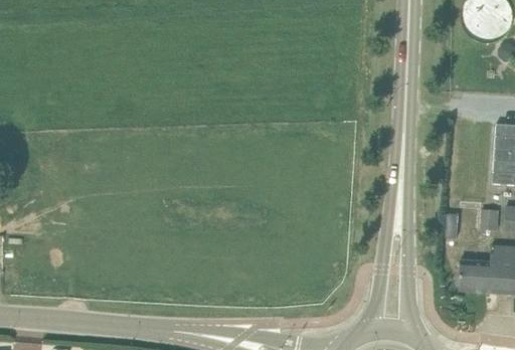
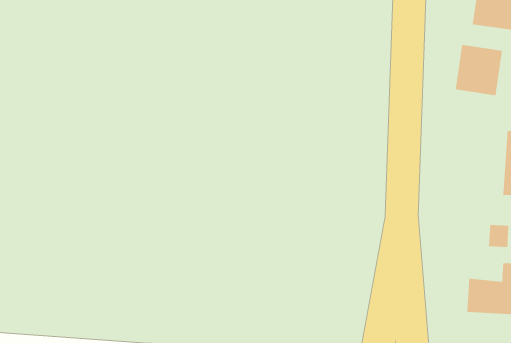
building: none -> [455,44,502,96]

